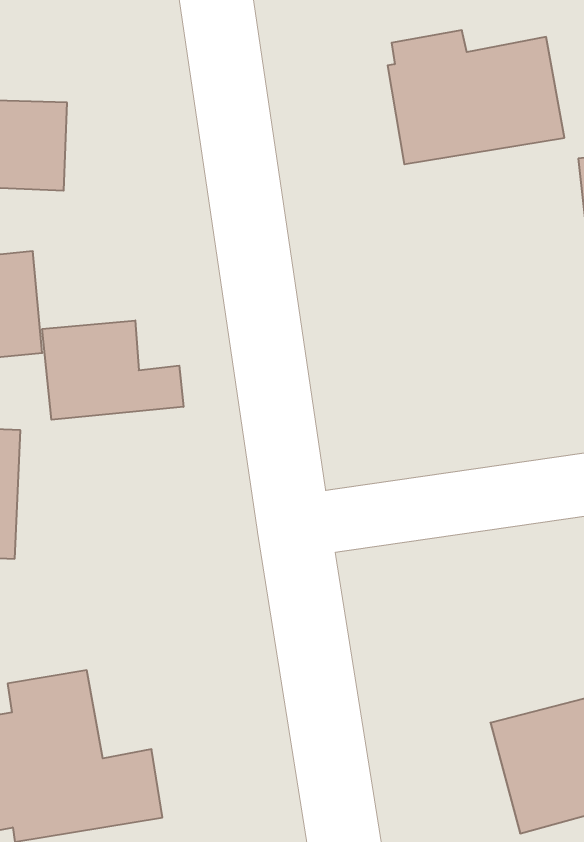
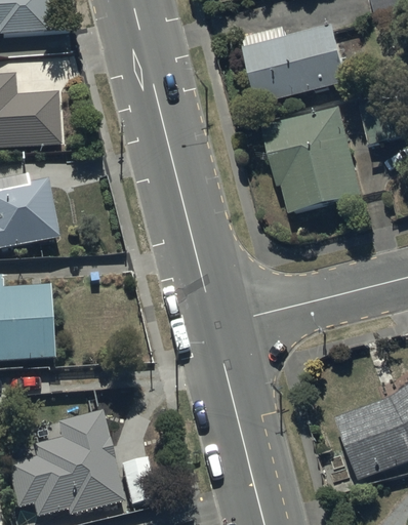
building: none -> [261,105,364,213]
building: [42,320,183,420] -> none

